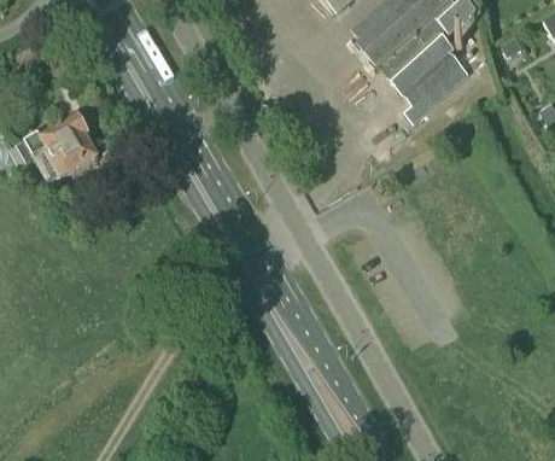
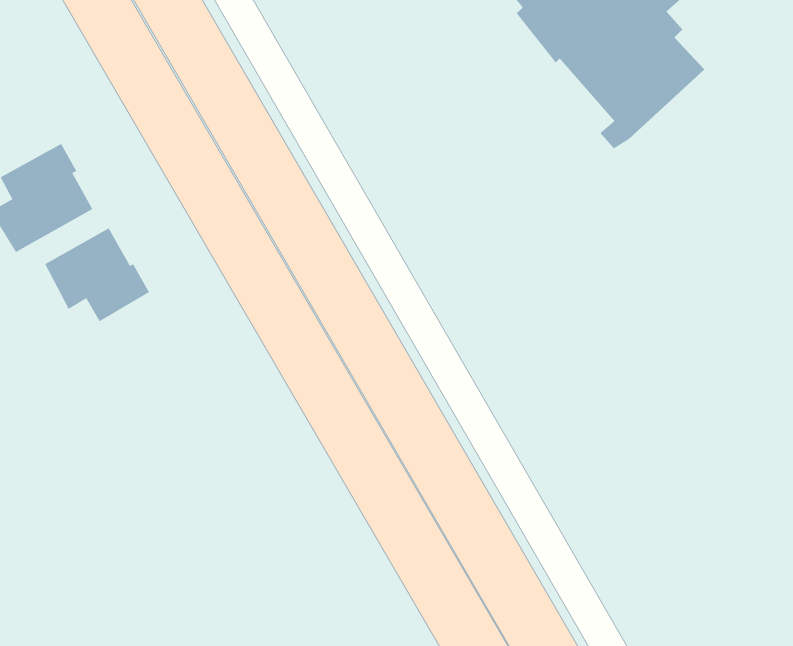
building: none -> [44,227,150,322]

